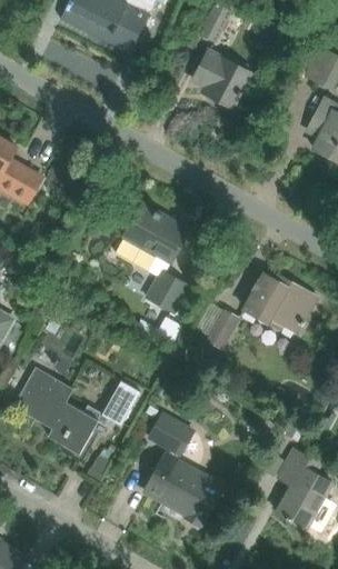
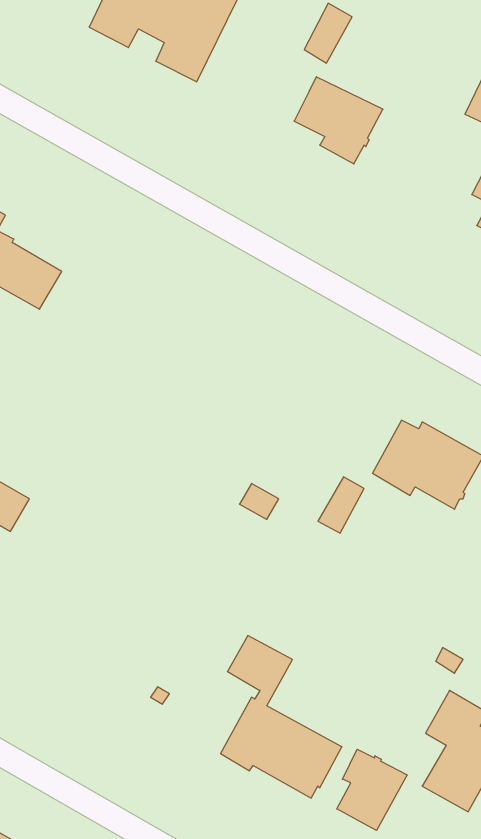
building: [115,204,190,315] -> none
building: [12,367,139,455] -> none
building: none -> [337,749,407,830]

